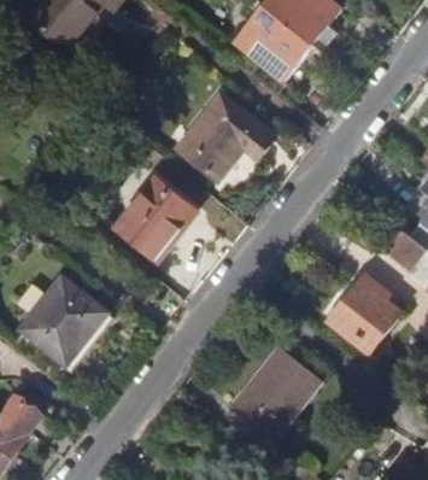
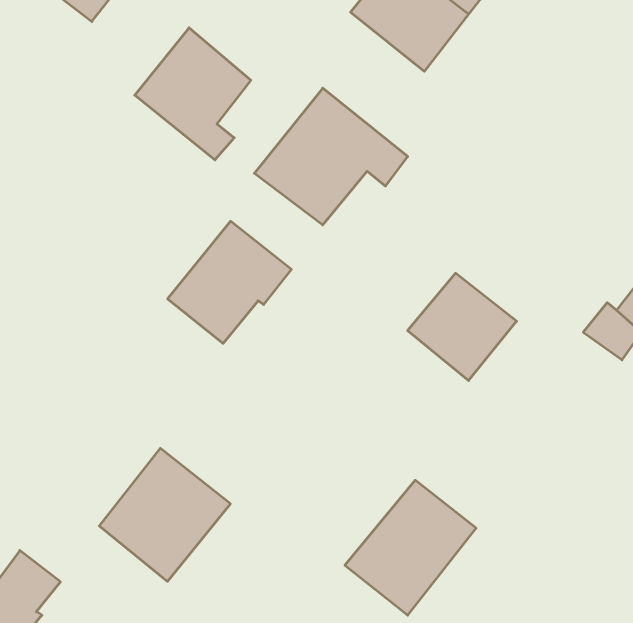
building: none -> [135,28,251,160]
building: [18,276,104,363] -> [99,448,230,581]
building: [327,281,398,351] -> [408,273,517,381]

